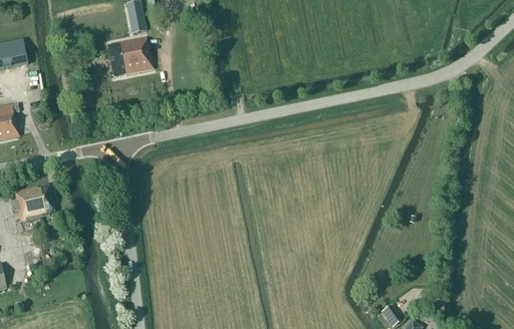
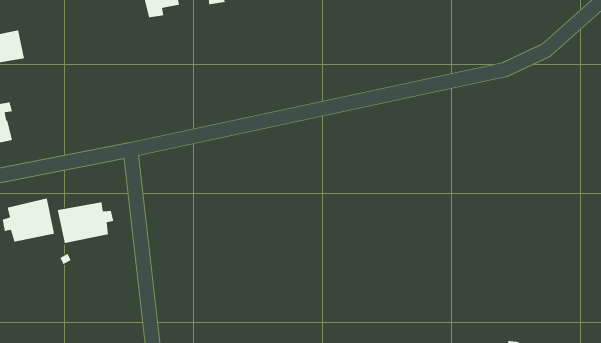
building: [105,37,152,76] -> none
building: none -> [57,201,114,244]

